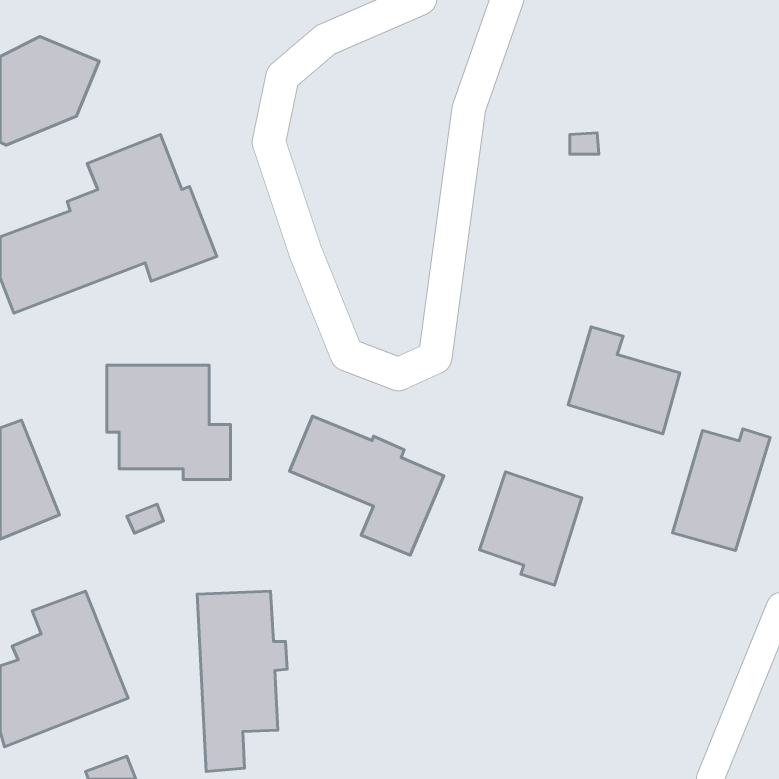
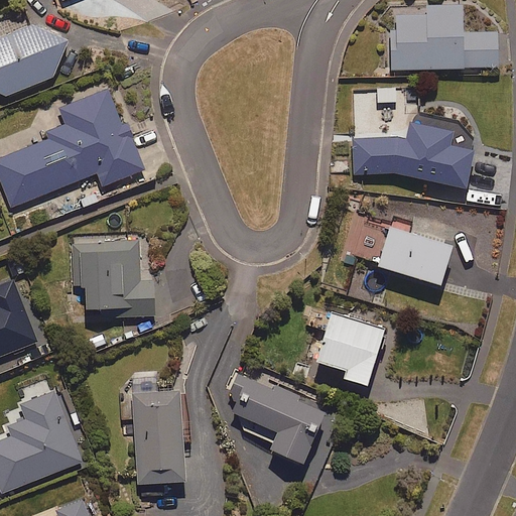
building: none -> [388,6,498,71]
building: none -> [352,113,476,188]
building: [290,416,444,555] -> [221,373,322,465]
building: [672,429,770,551] -> none

